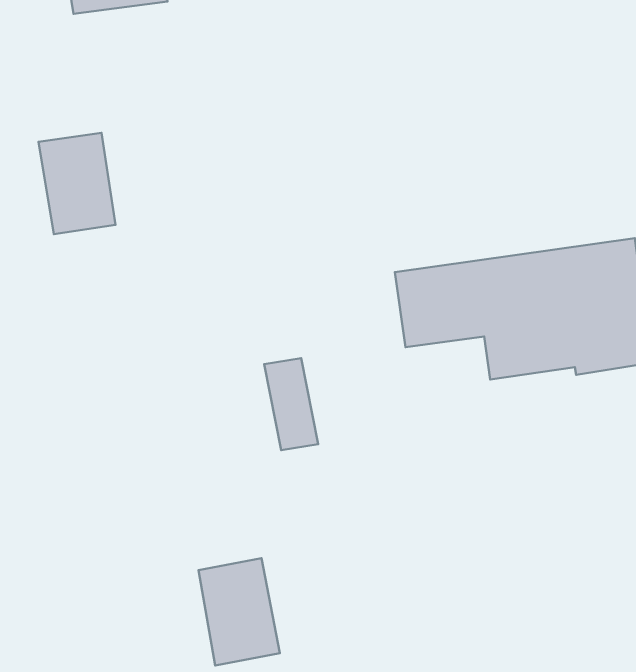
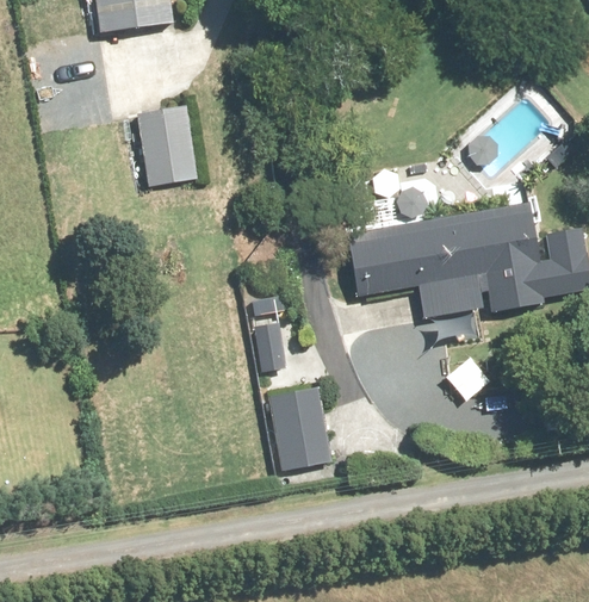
building: [39,133,115,234] -> [137,106,197,185]
building: [198,558,280,666] -> [268,386,331,470]

